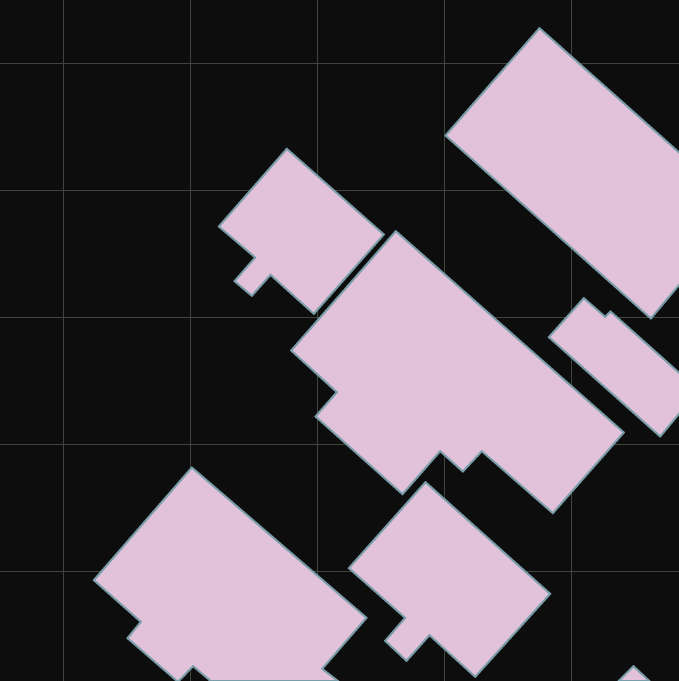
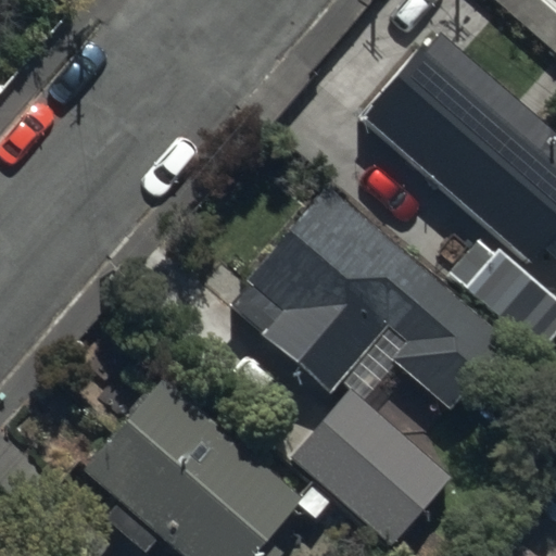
building: [219,149,384,314] -> none

